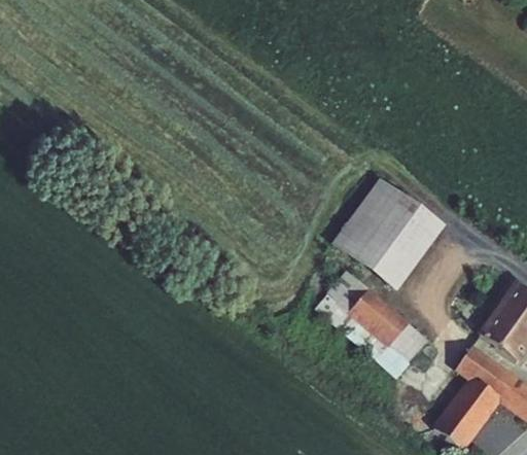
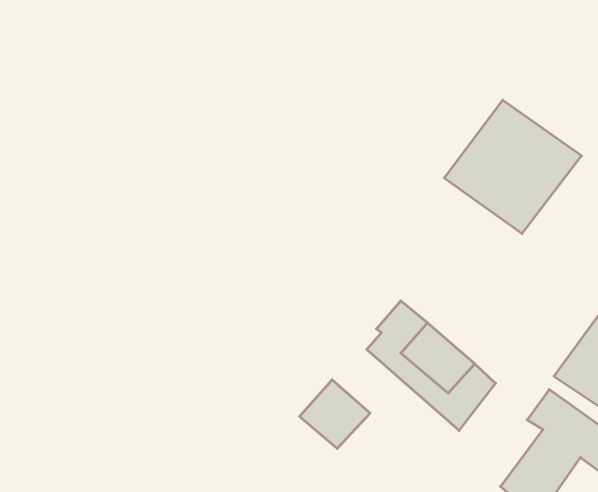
building: [331,177,448,290] -> [444,100,582,234]
building: none -> [300,380,370,449]

